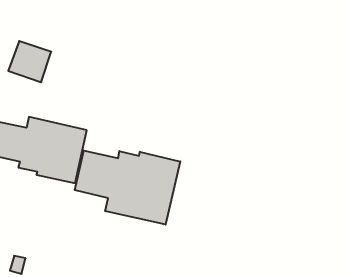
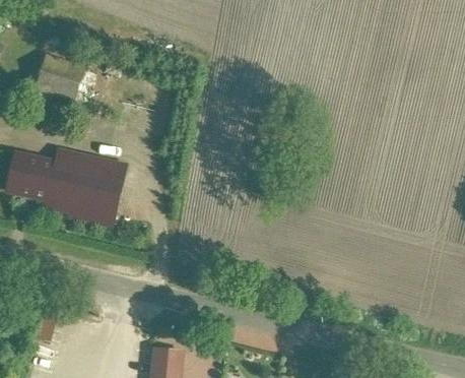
building: [75,150,180,225] -> none

